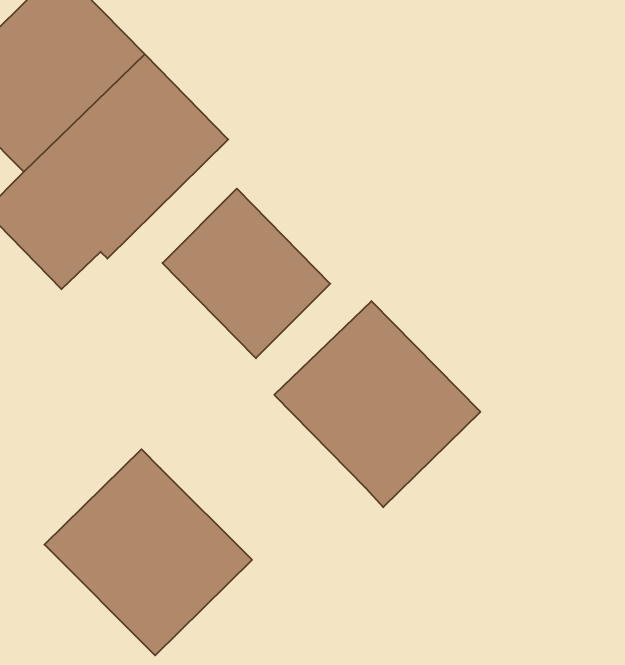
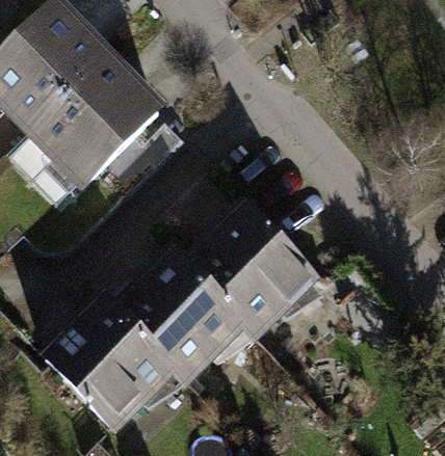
building: [162,189,330,358] -> none
building: none -> [126,258,252,382]

